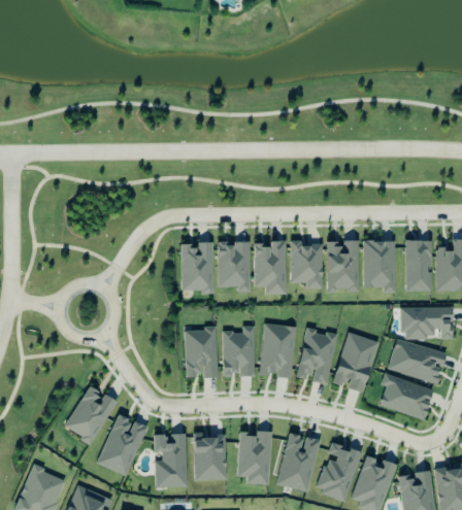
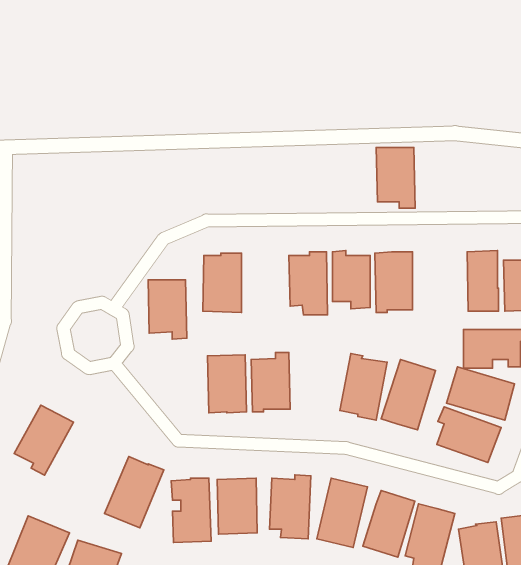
building: [363,241,396,293] -> [376,147,415,208]
building: [218,242,251,293] -> [148,280,187,339]
building: [261,325,295,378] -> none
building: [66,386,117,446] -> [14,405,74,475]

